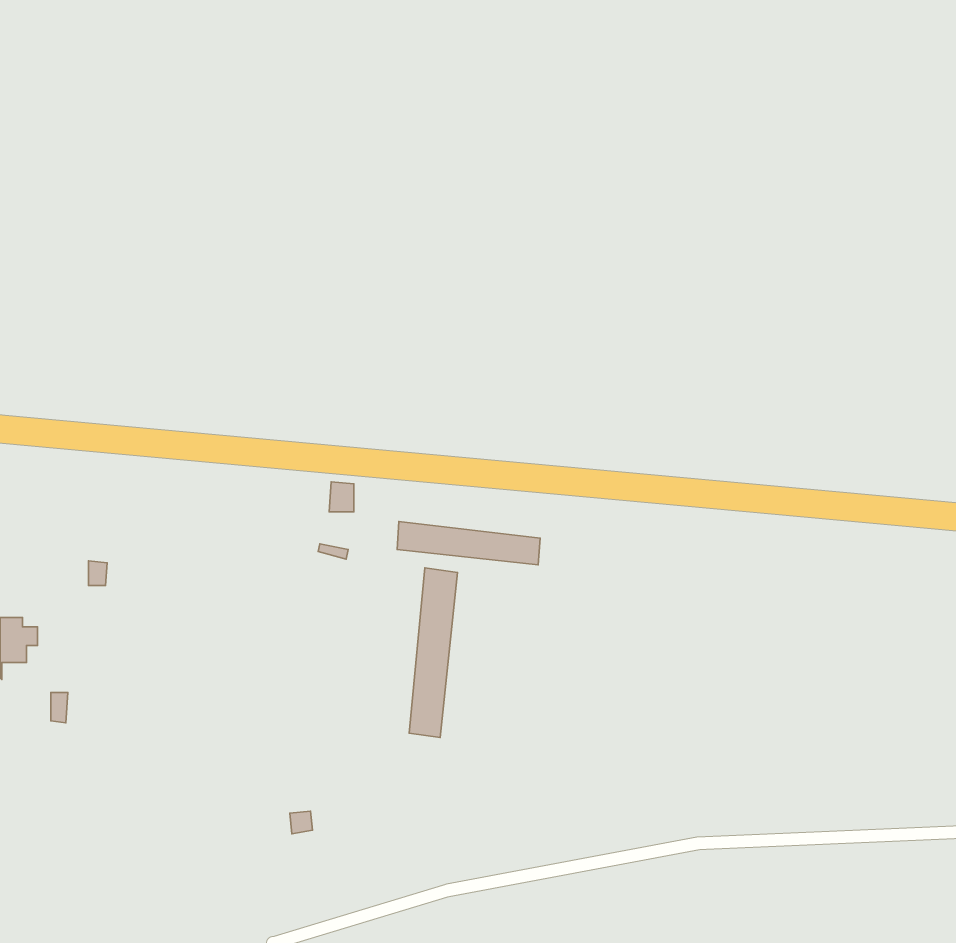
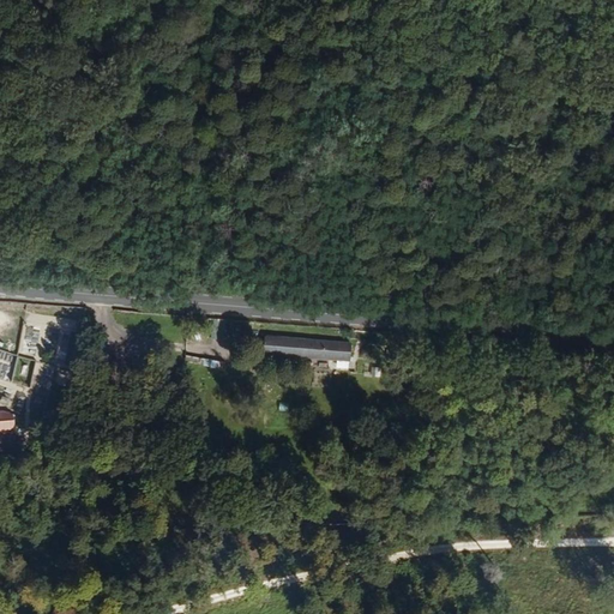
building: [409,568,458,738] -> none

